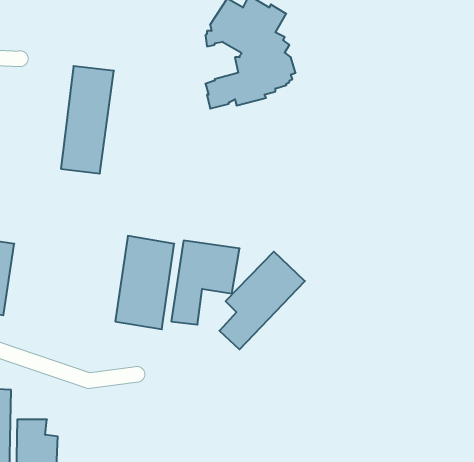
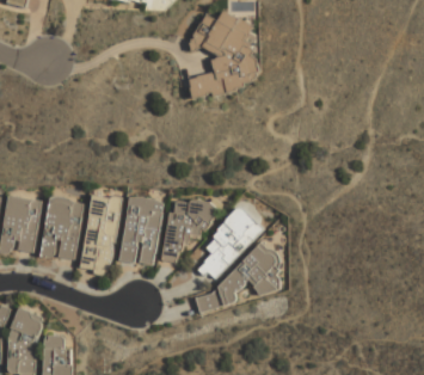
building: [61,66,114,173] -> [80,193,121,276]
building: none -> [39,195,82,263]
building: none -> [197,240,284,316]

